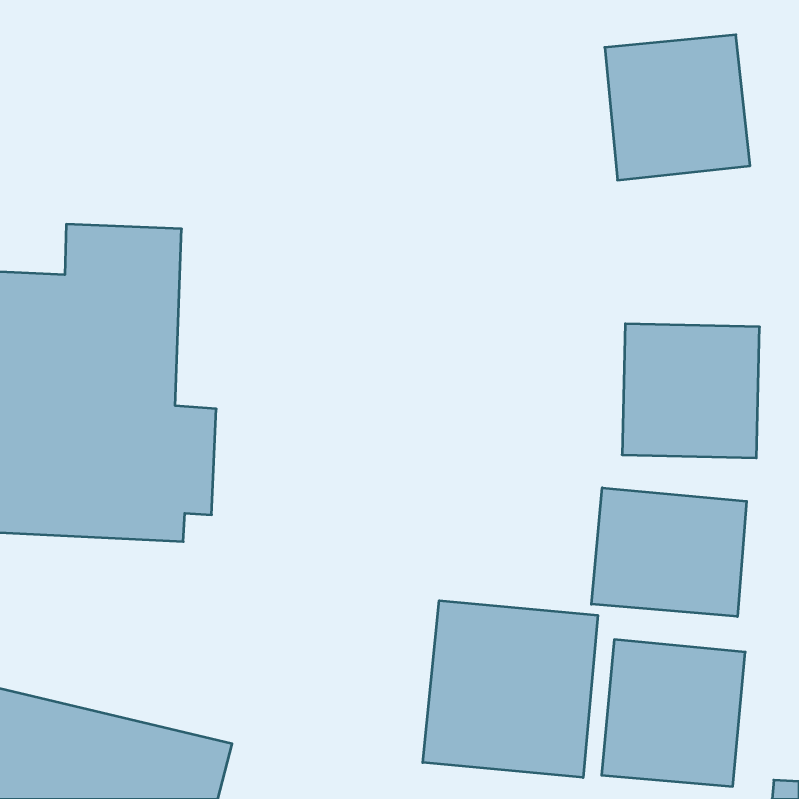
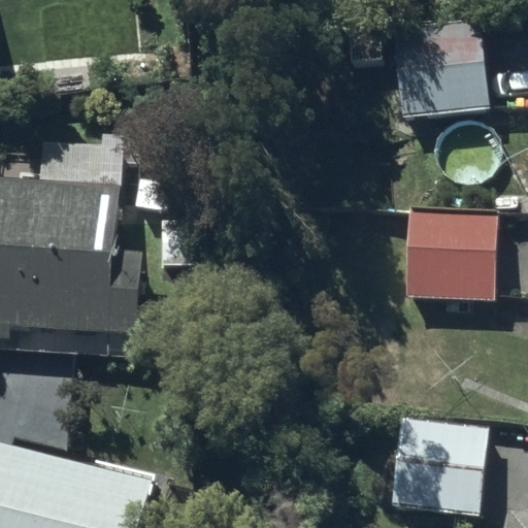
building: [591,488,747,617] -> none
building: [423,601,598,778] -> none

